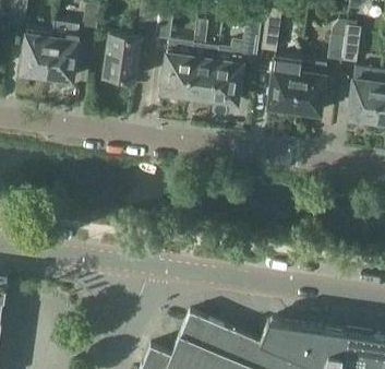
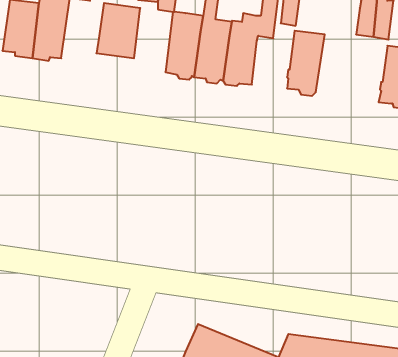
building: [292,61,326,117] -> none

